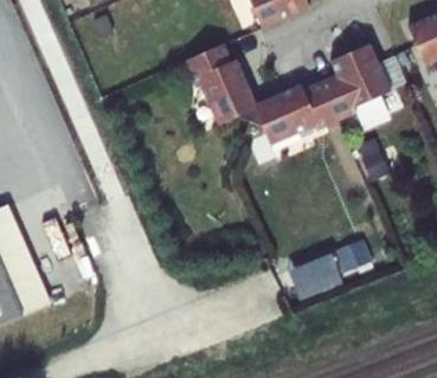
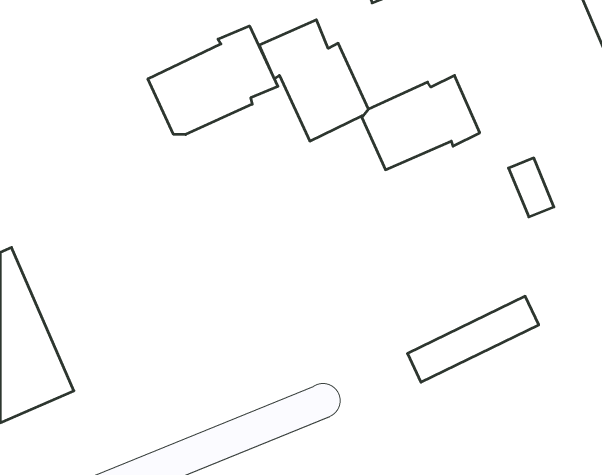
building: [320,43,409,126] -> none
building: none -> [148,26,278,135]

